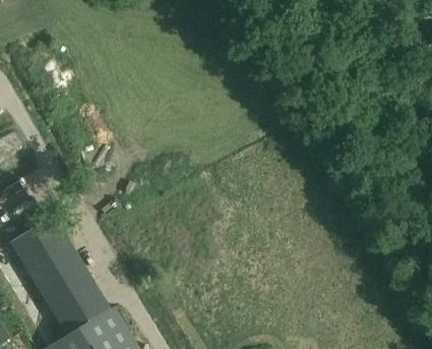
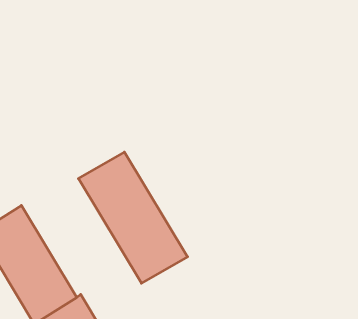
building: none -> [78,152,188,283]

